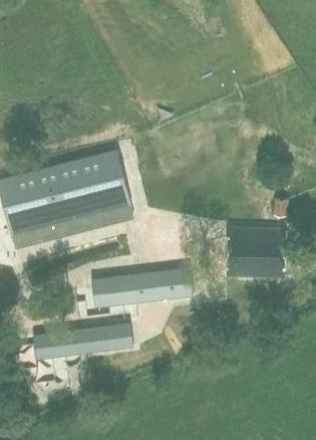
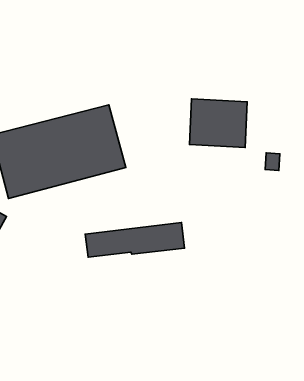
building: [228,228,286,277] -> [189,99,247,148]
building: [21,323,132,376] -> none

